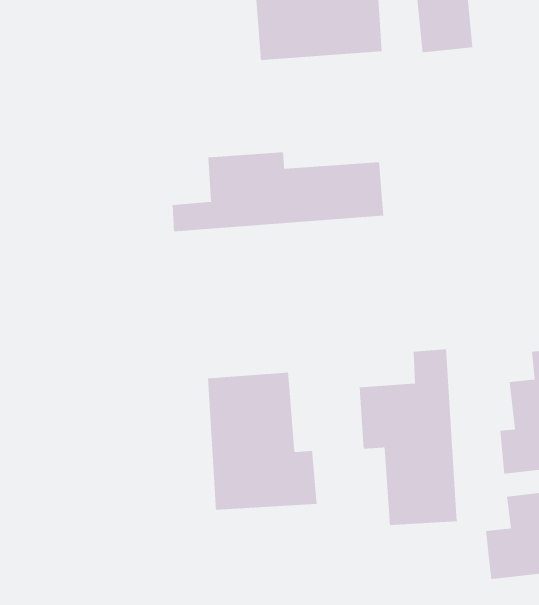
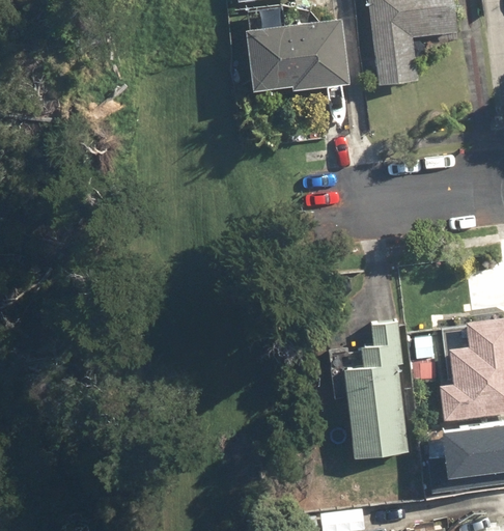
building: [172,151,384,232] -> none
building: [208,372,317,511] -> none

